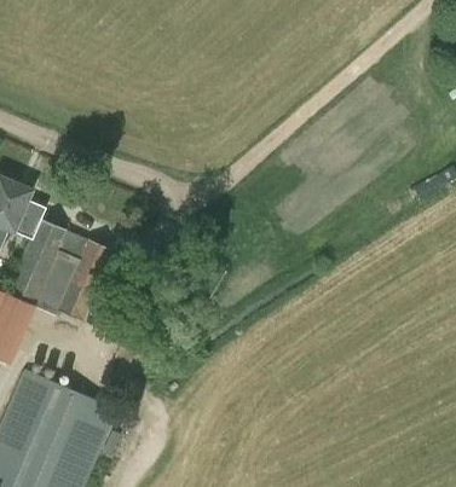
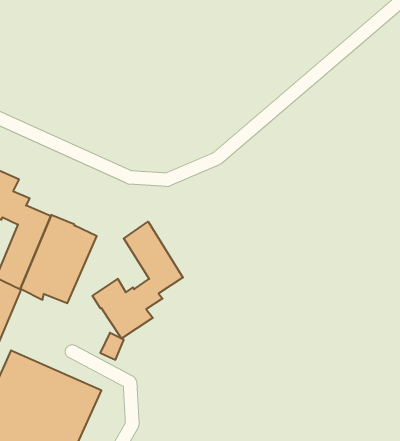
building: none -> [92,222,183,339]

